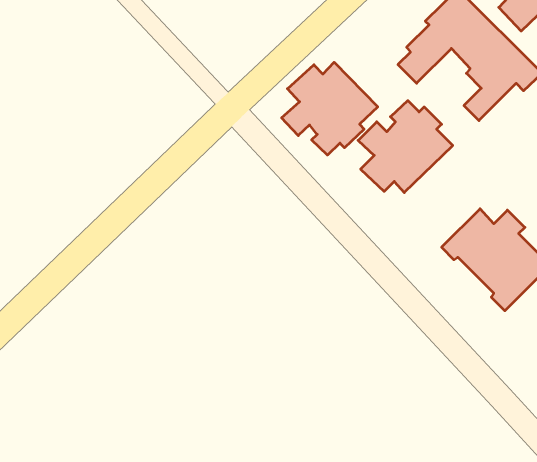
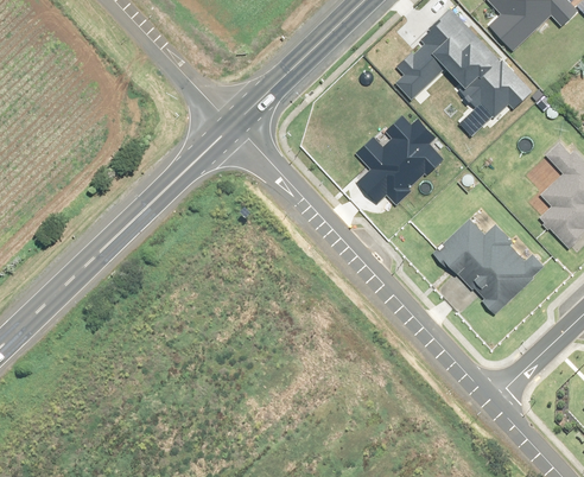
building: [282,62,378,155] -> none

